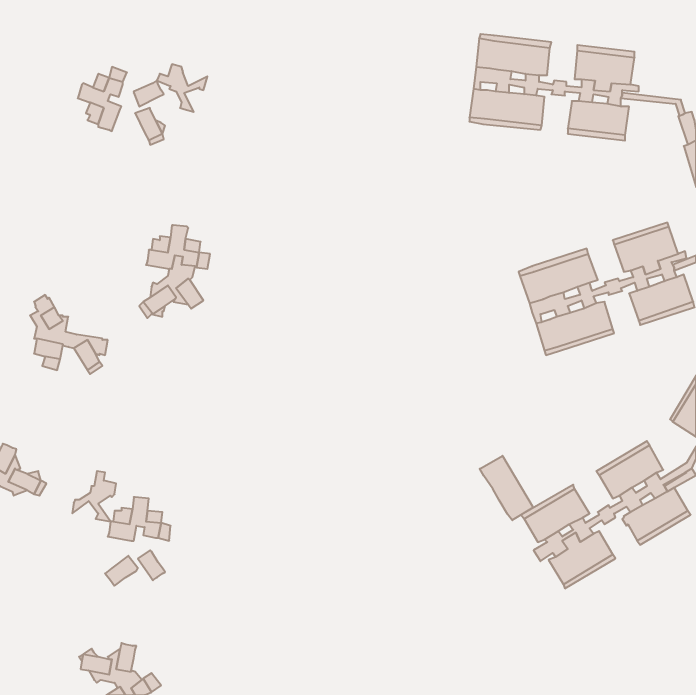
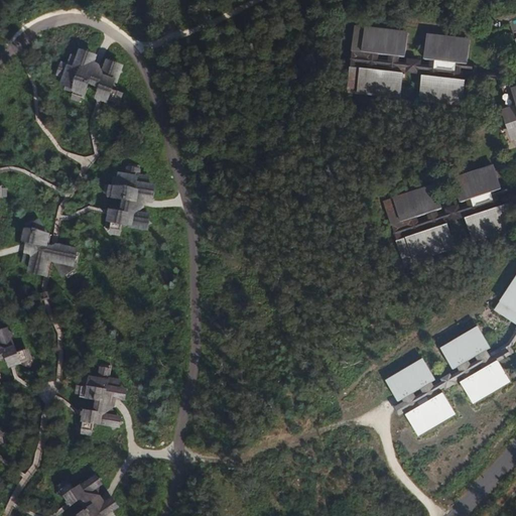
building: [157,64,207,112] -> [80,62,117,98]
building: [480,456,533,520] -> none
building: [72,471,116,522] -> [83,388,115,425]

